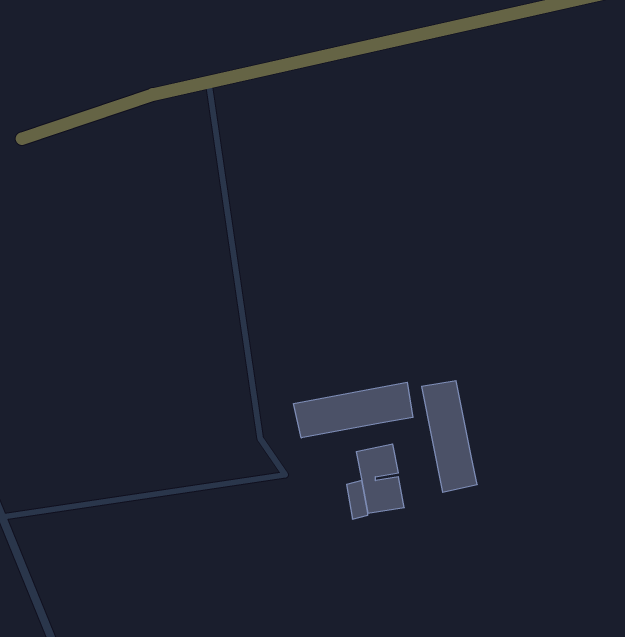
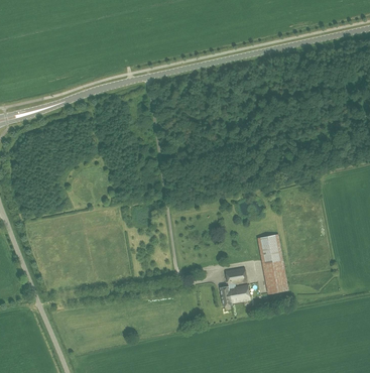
building: [294,382,413,438] -> none

